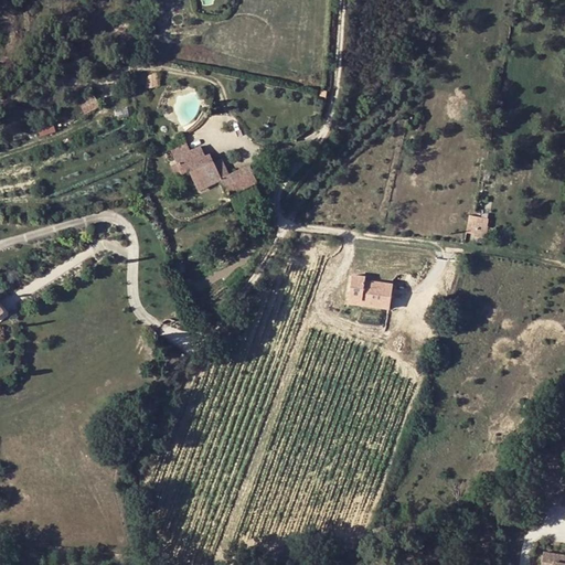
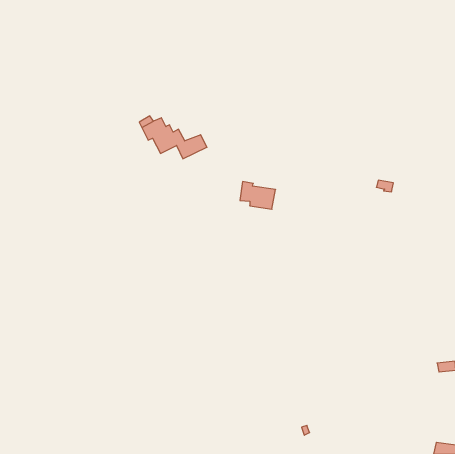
building: [348,274,392,308] -> [240,182,276,209]

